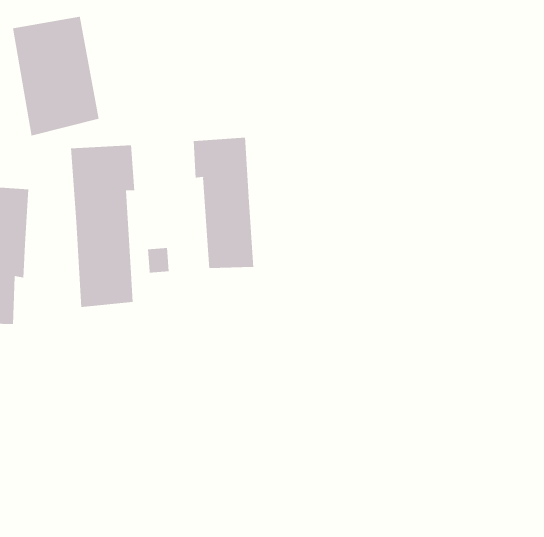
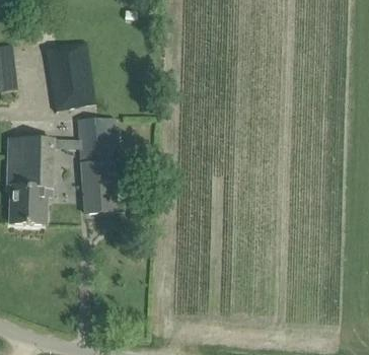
building: [193,137,254,269] -> none

